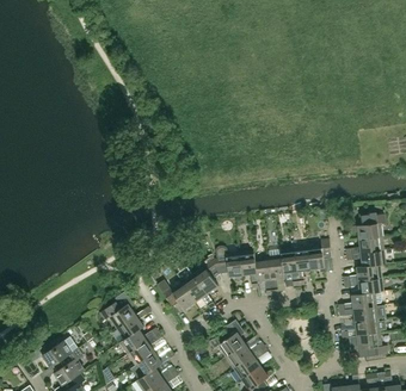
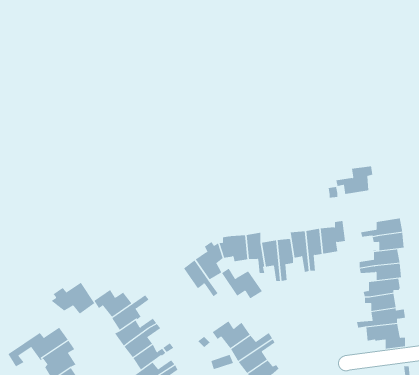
building: [351,215,386,241] -> [335,166,373,194]
building: [158,281,196,310] -> [221,268,263,299]
building: none -> [51,282,95,315]

